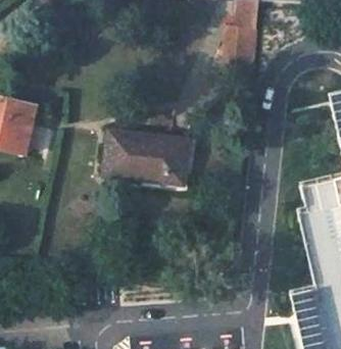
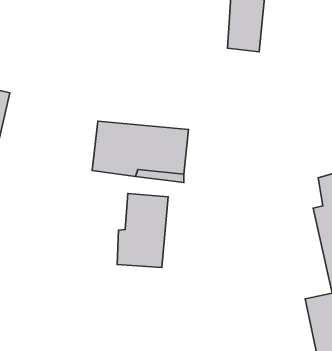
building: none -> [117,194,168,268]

